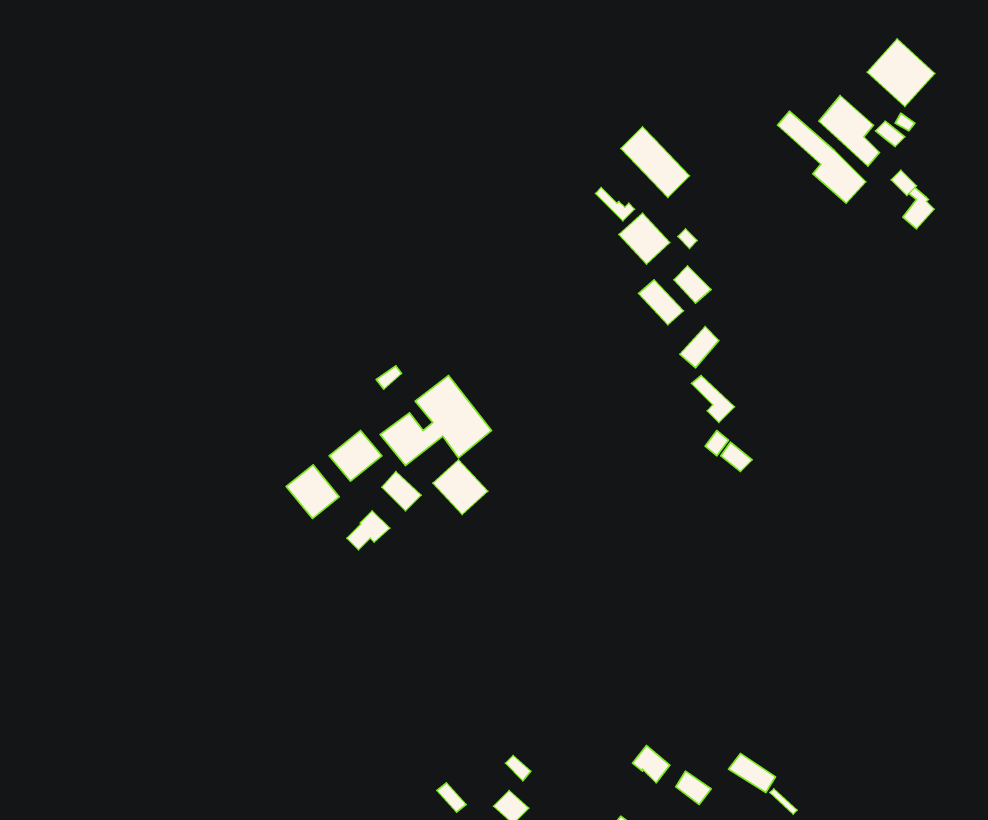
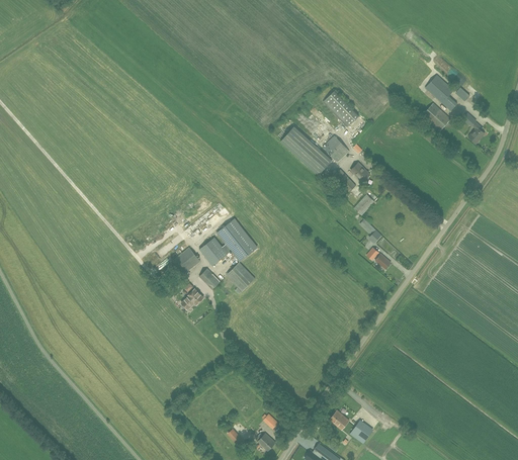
building: [867,39,935,107] -> none
building: none -> [280,124,331,174]
building: [286,465,339,519] -> none

